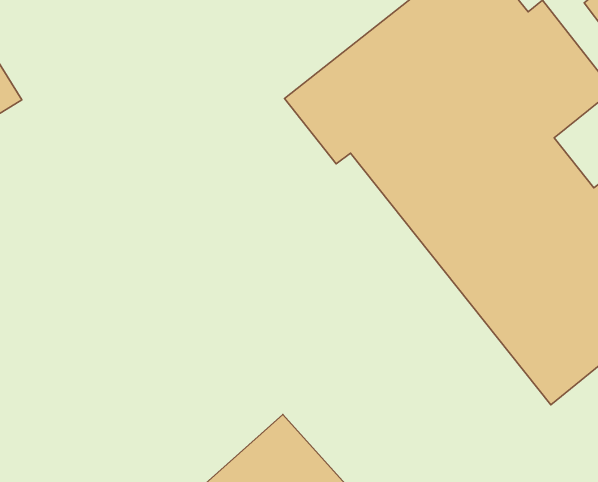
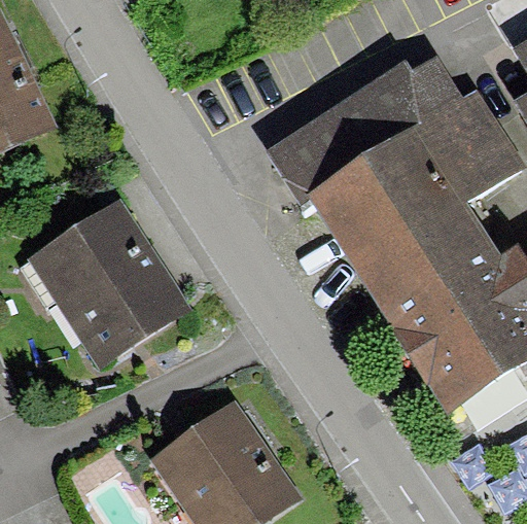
building: none -> [29,200,192,368]

